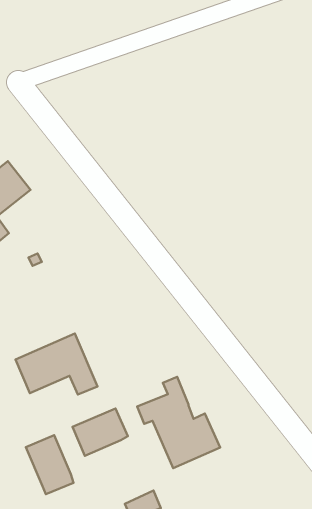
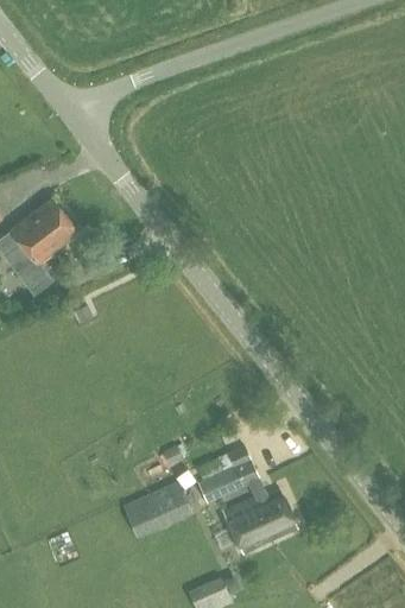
building: [15,333,97,394] -> none
building: [26,435,74,494] -> none

